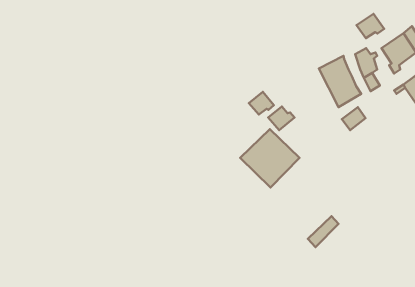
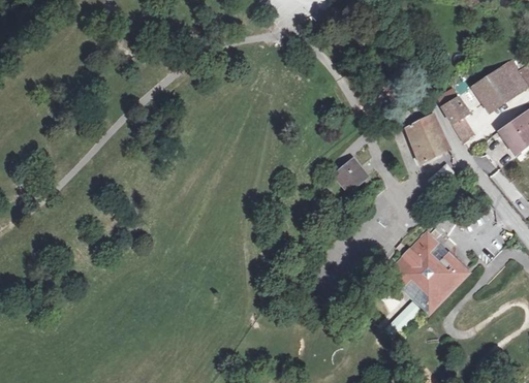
building: [356,14,384,38] -> none
building: [249,92,274,115] -> none
building: [240,129,299,187] -> [394,235,466,307]

